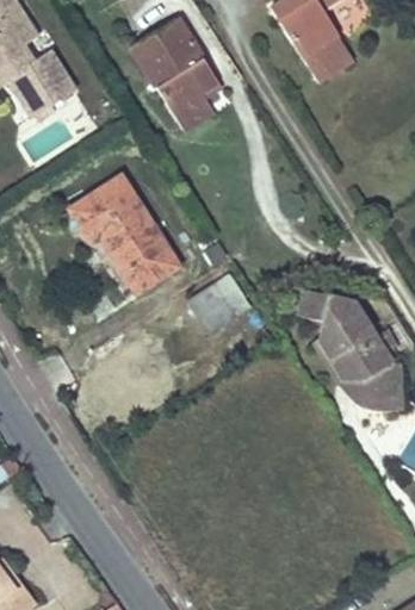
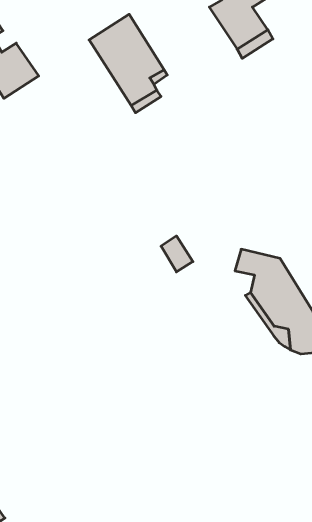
building: [73,176,179,292] -> none
building: [190,286,234,332] -> none

